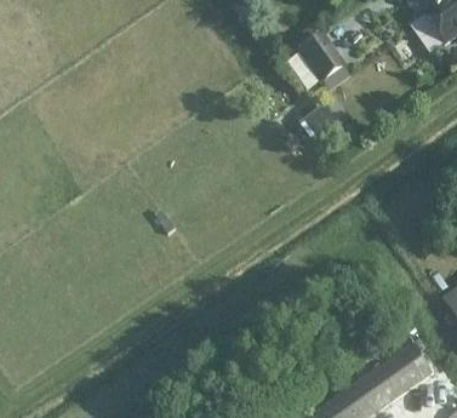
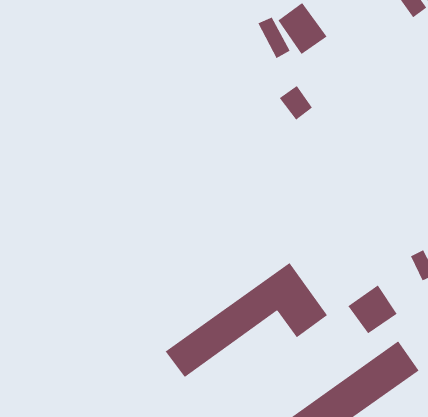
building: none -> [165,262,328,378]
building: none -> [348,284,398,334]

